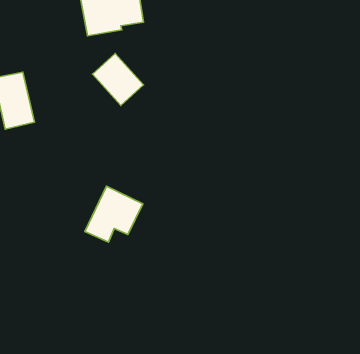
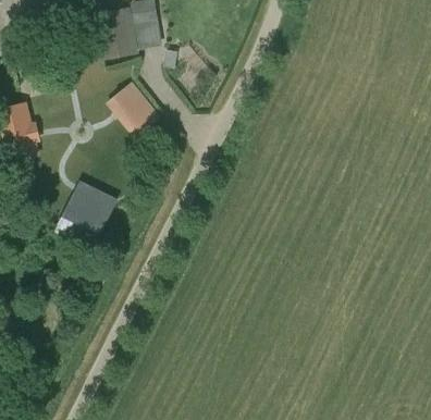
building: [85,186,143,242] -> [58,177,122,239]

